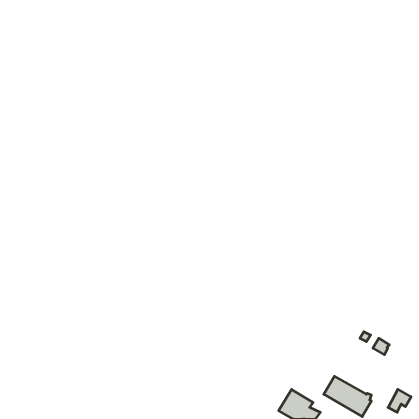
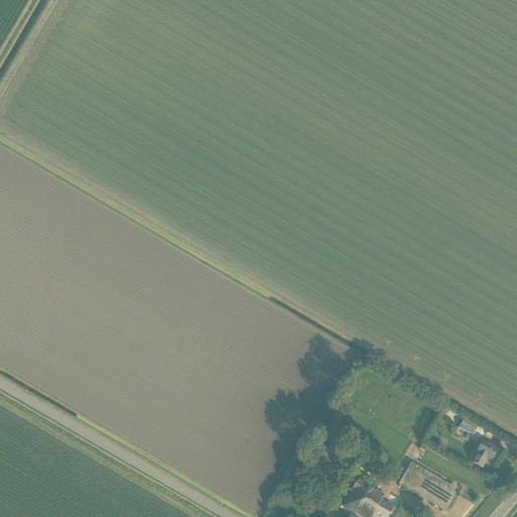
building: [388,389,411,412] -> [471,439,499,468]

